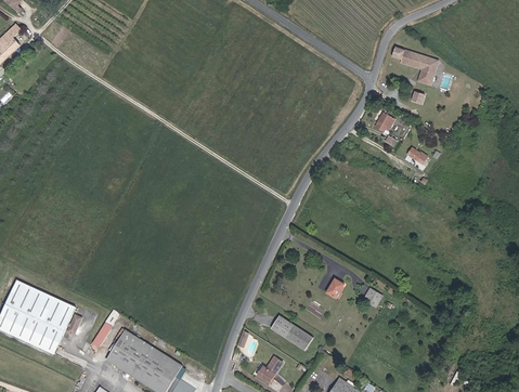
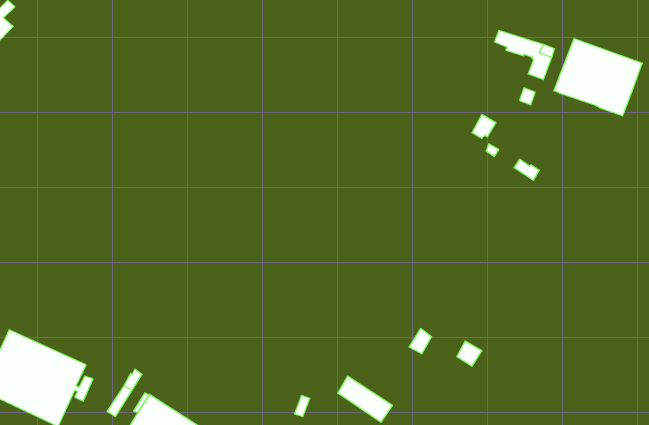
building: none -> [554,38,642,116]

